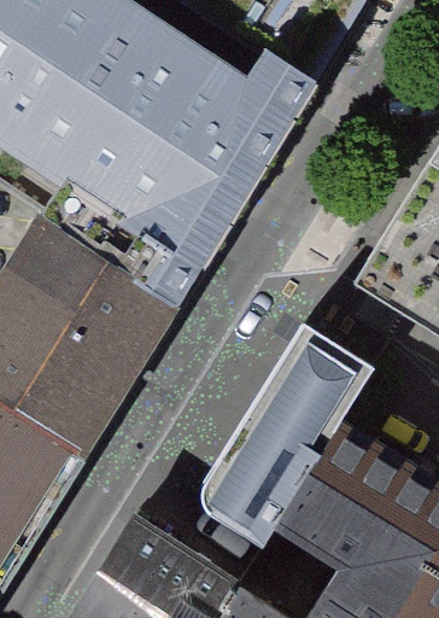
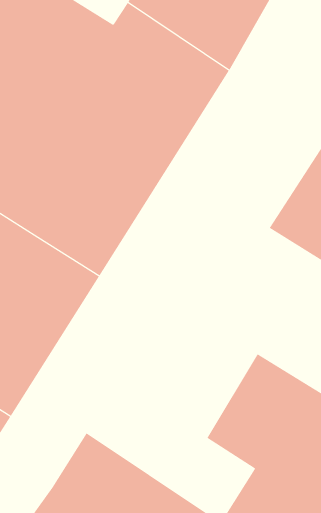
building: [206,327,374,543] -> none

